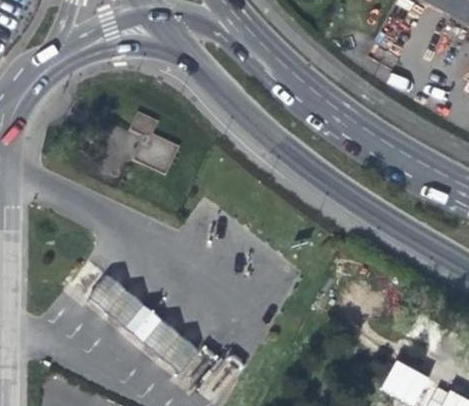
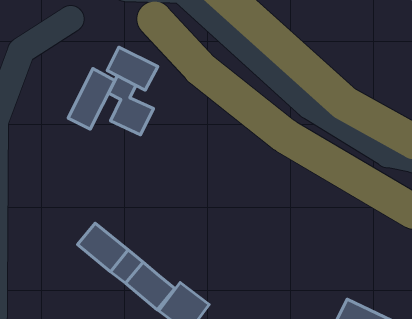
building: none -> [107,47,158,90]
building: none -> [68,69,115,129]

